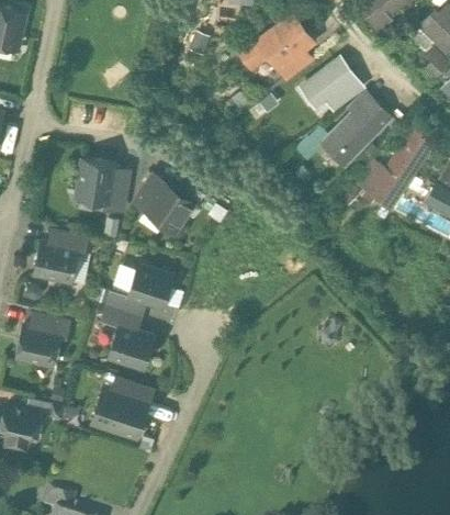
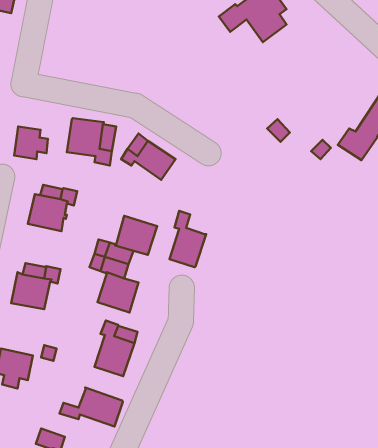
building: [296,55,364,111] -> none
building: [331,104,389,158] -> none
building: none -> [14,127,48,159]
building: none -> [169,211,206,267]
building: none -> [60,388,123,426]

